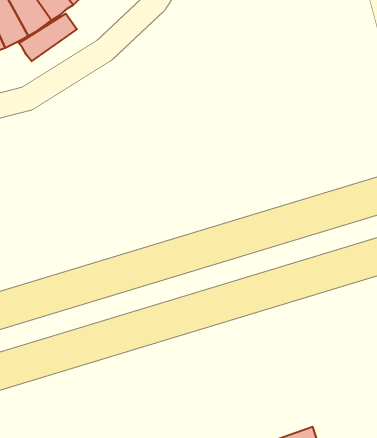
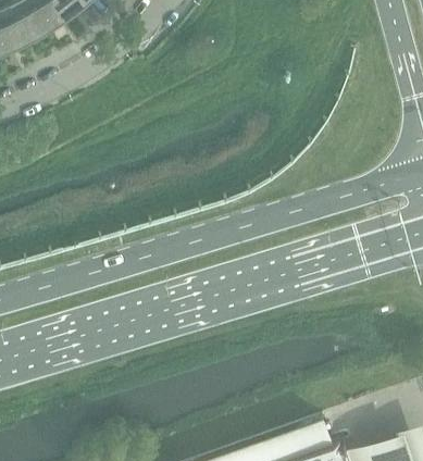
building: [19,14,77,61] -> none

